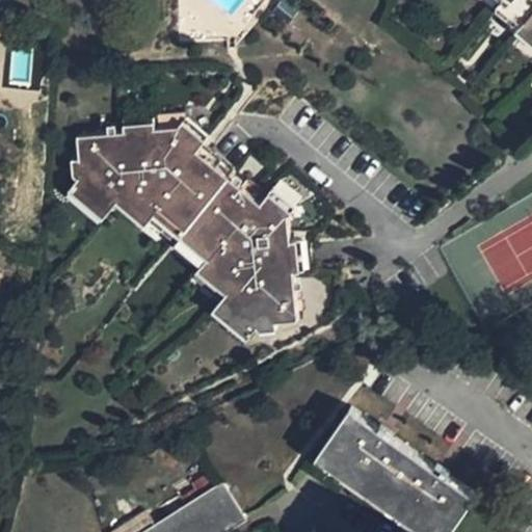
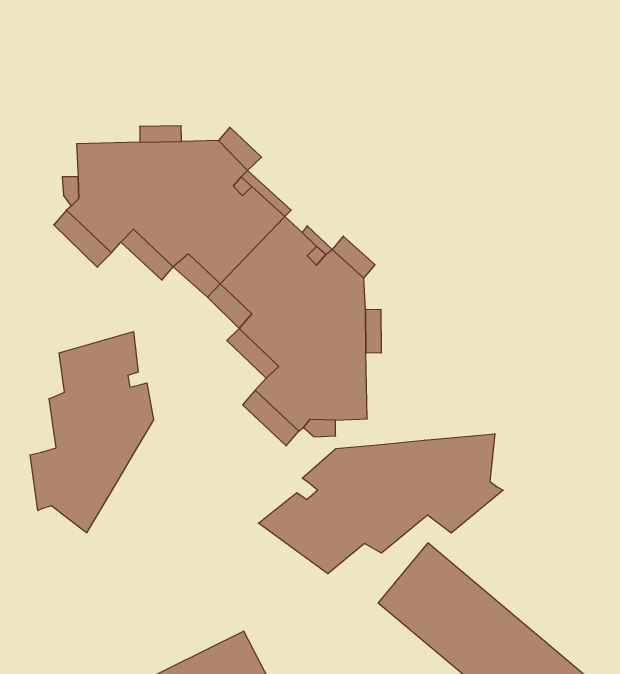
building: none -> [30,332,153,533]
building: none -> [258,434,503,574]

